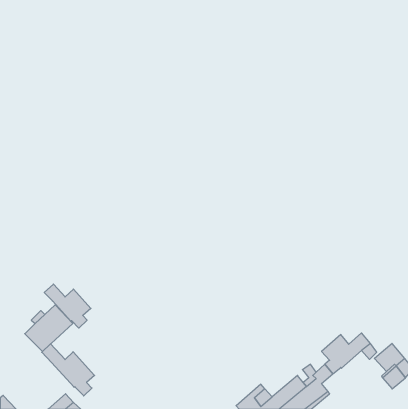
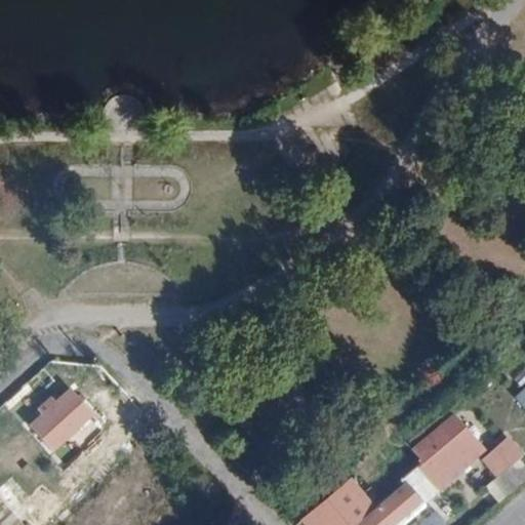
building: [44,284,91,328] -> none
building: [42,344,95,396] -> none

